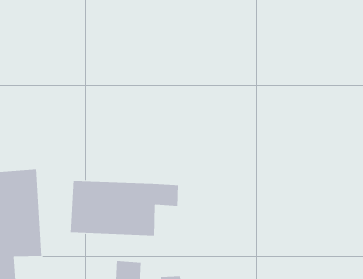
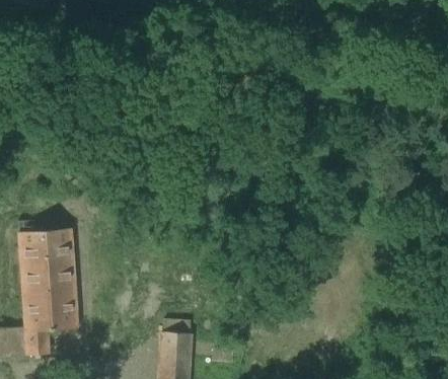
building: [70,180,179,237] -> none

